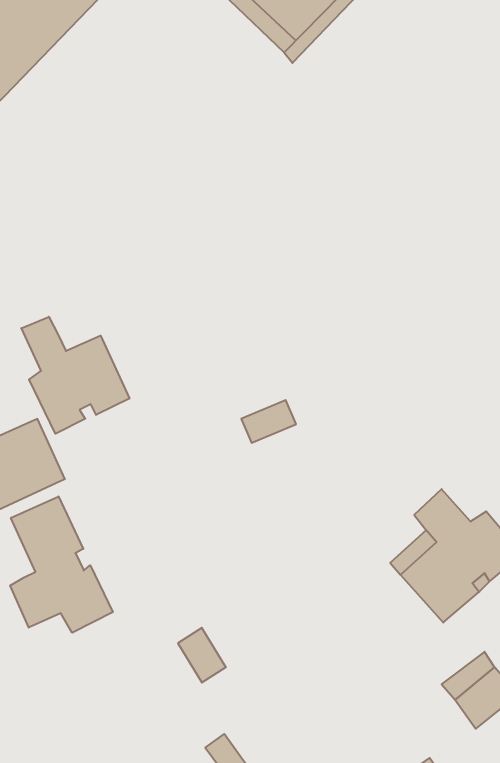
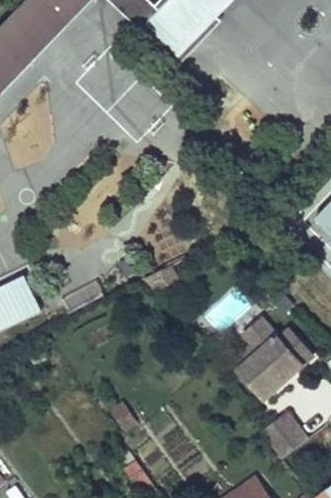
building: [21,317,129,434] -> none
building: [10,496,113,633] -> none

